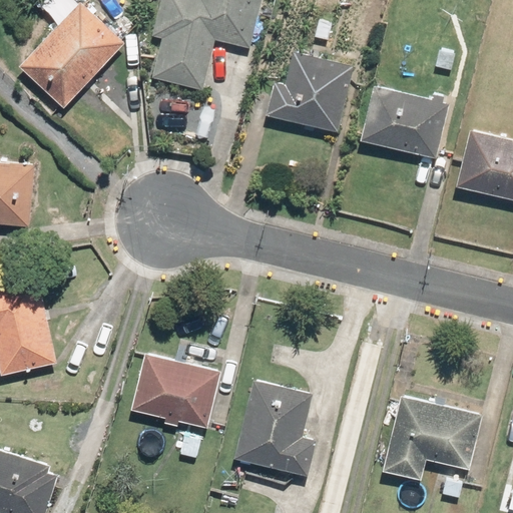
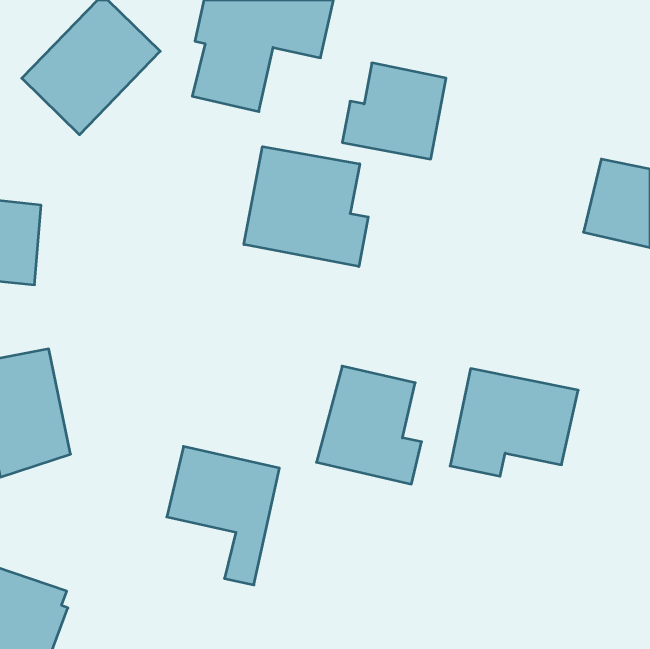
building: [361,86,449,159] -> none
building: none -> [244,147,368,267]
building: [233,381,316,473] -> [316,366,422,484]
building: [383,397,483,481] -> [450,369,578,476]

